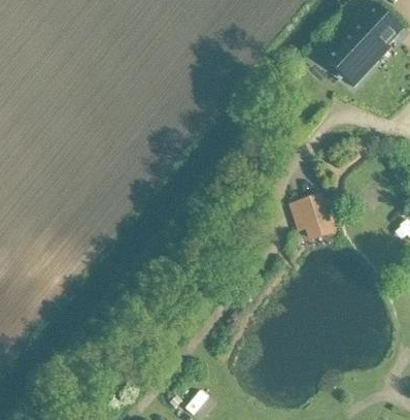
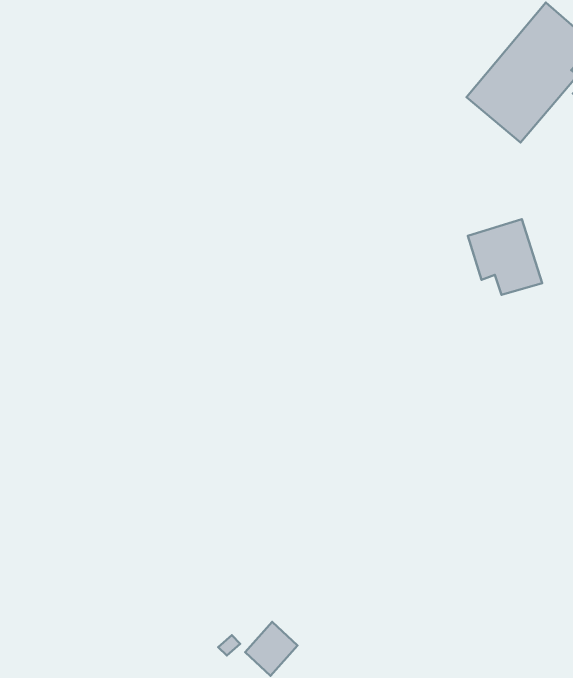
building: [289,193,335,239] -> [468,219,542,295]

